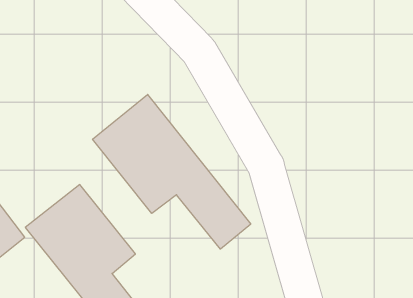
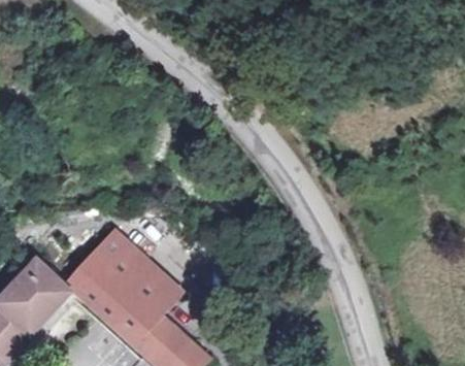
building: [93,94,251,249] -> none

